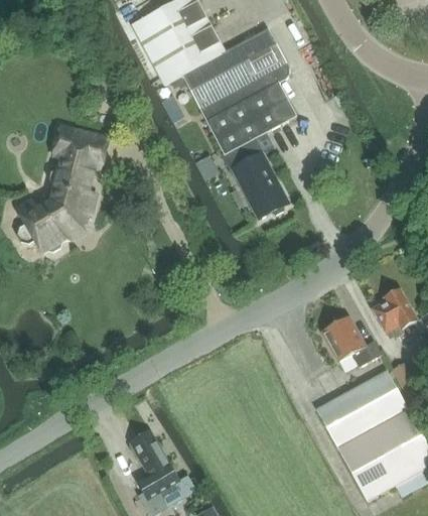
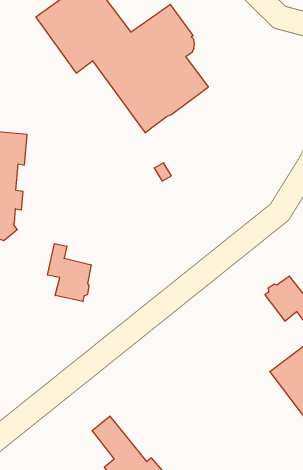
building: [223,138,288,218] -> none
building: none -> [47,244,91,302]

